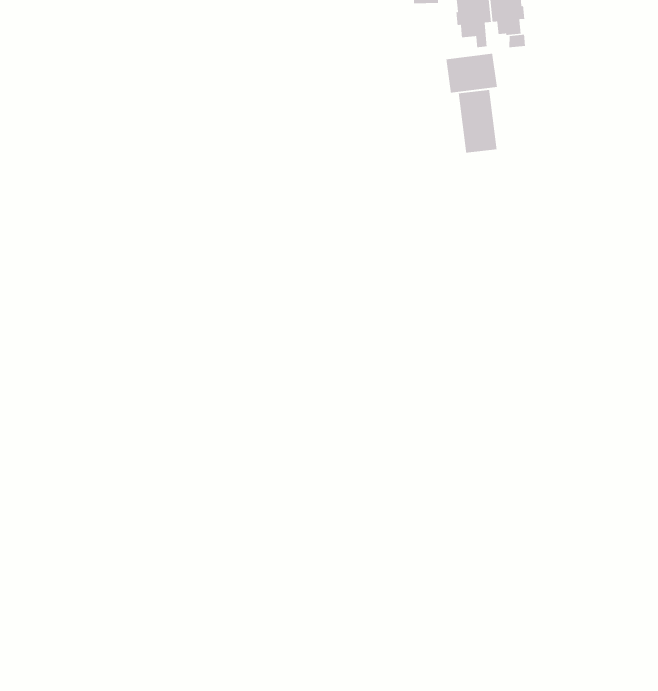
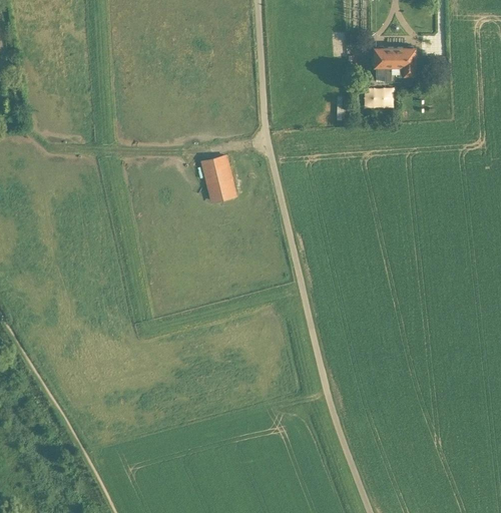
building: [458,89,497,153] -> none
building: none -> [201,156,235,201]

